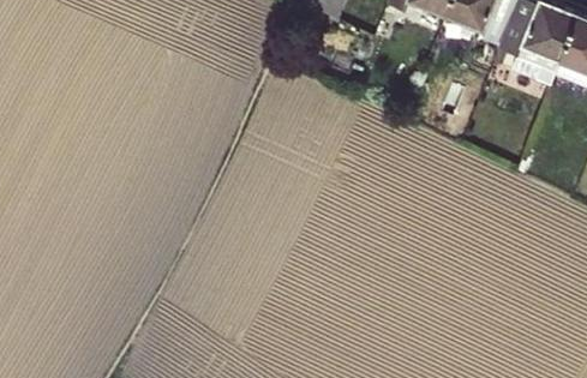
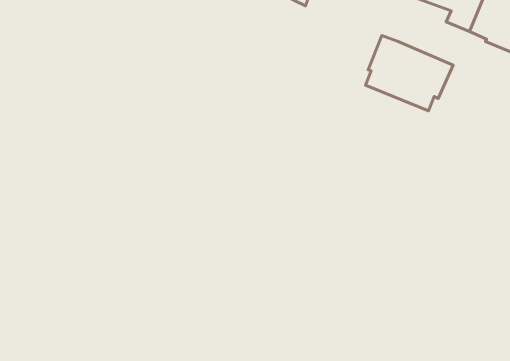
building: none -> [366,35,453,111]

